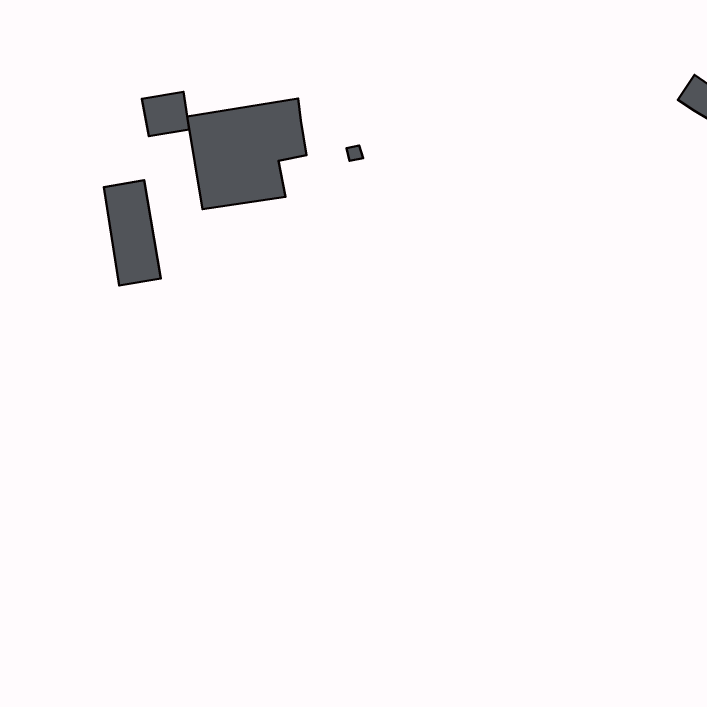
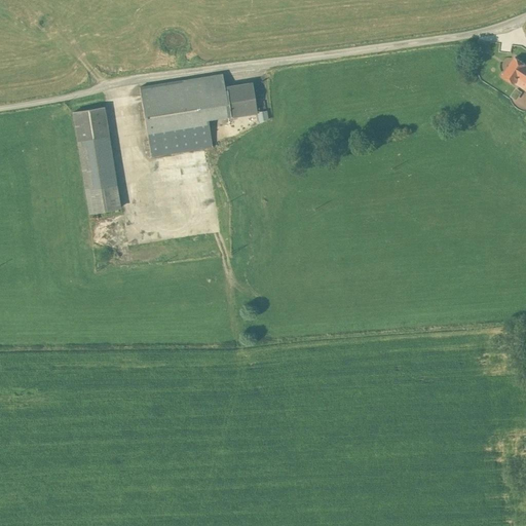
building: [142,92,189,136] -> [73,107,108,140]
building: none -> [224,83,256,116]

